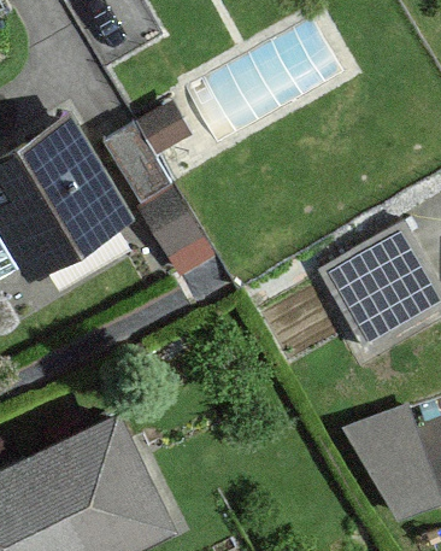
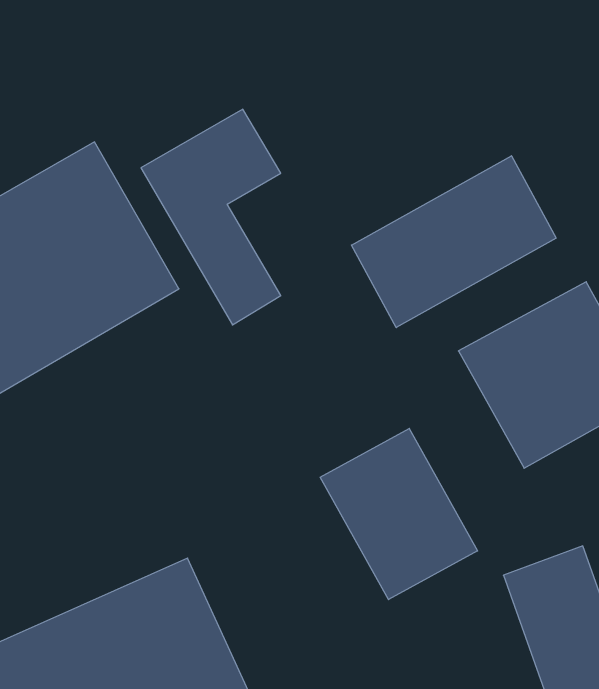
building: none -> [351,156,556,328]
building: none -> [320,428,478,600]

